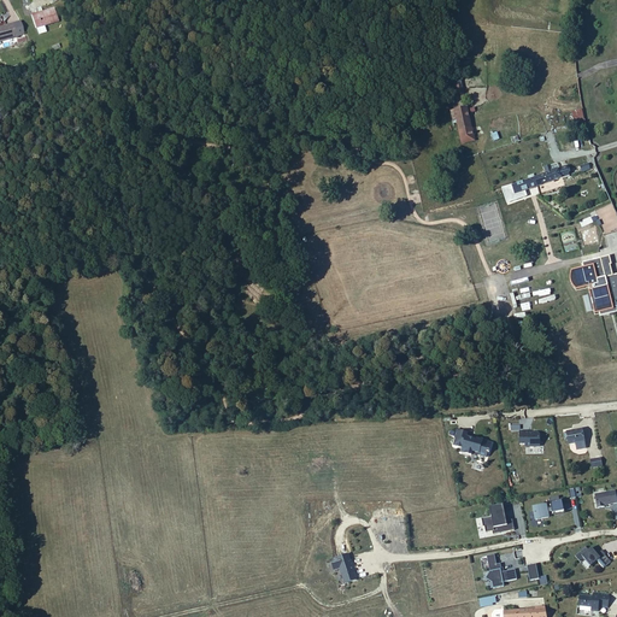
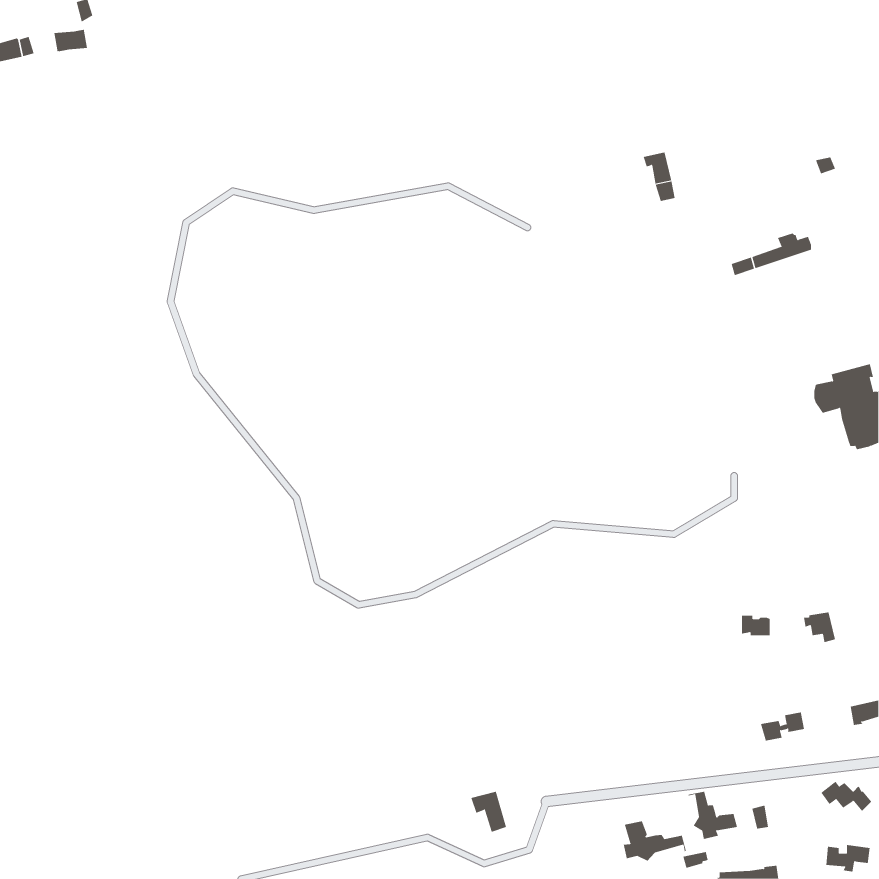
building: [453,429,490,457] -> none
building: [481,501,513,531] -> none
building: none -> [623,820,686,862]

